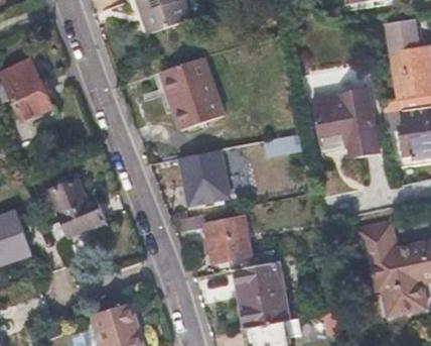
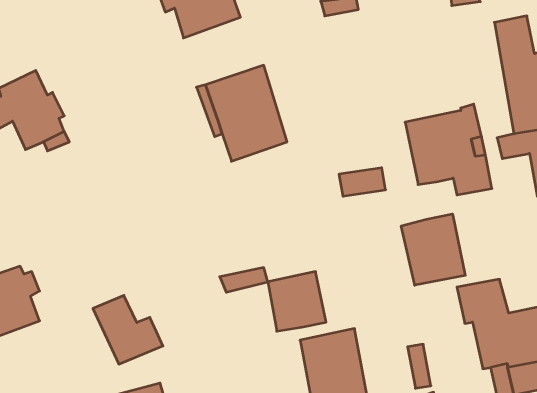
building: [179,148,231,205] -> none
building: none -> [401,214,465,285]
building: [50,182,105,235] -> [93,295,163,364]

